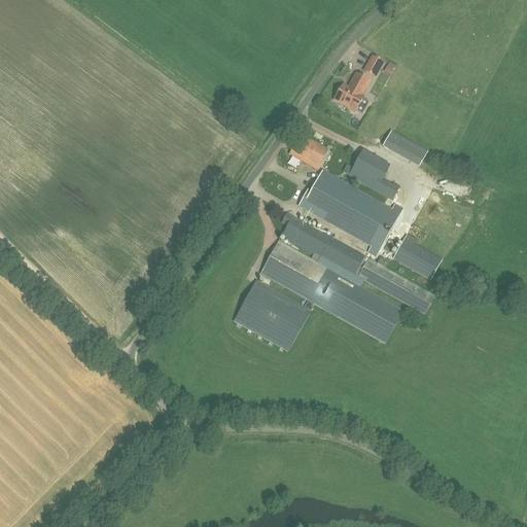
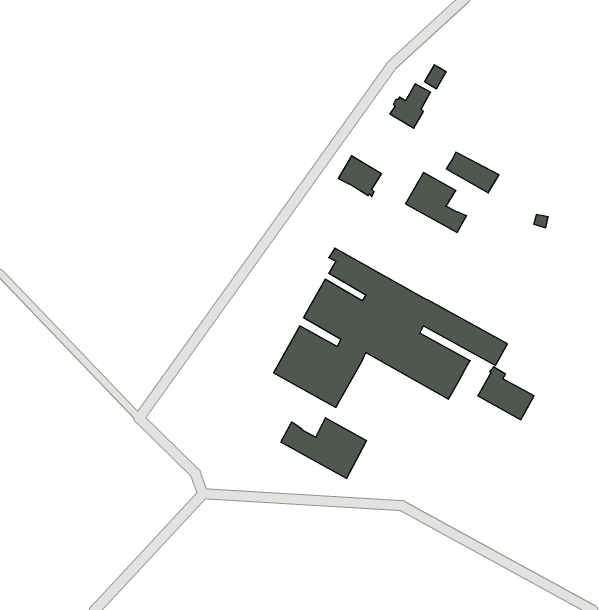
building: [298,172,400,254] -> none
building: [393,234,442,279] -> [478,367,534,420]
building: none -> [281,418,367,478]

